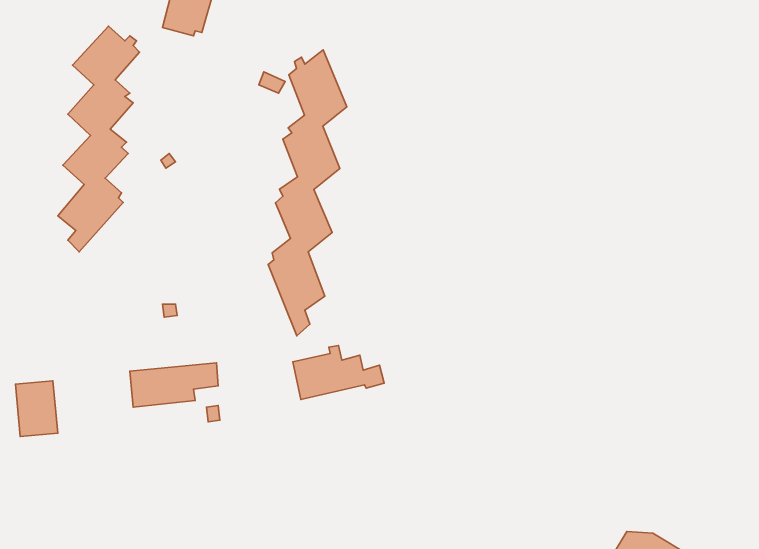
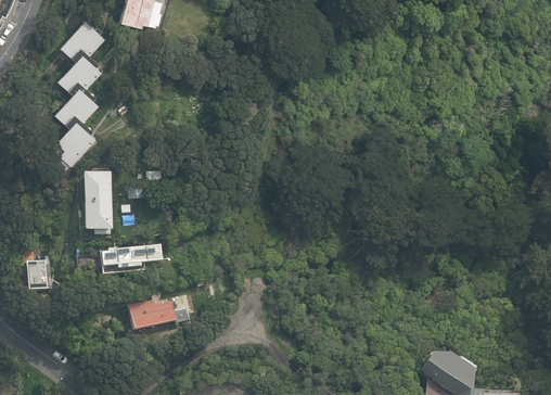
building: [268,50,347,336] -> none
building: none -> [85,170,111,235]
building: [293,345,384,399] -> [128,294,189,330]

